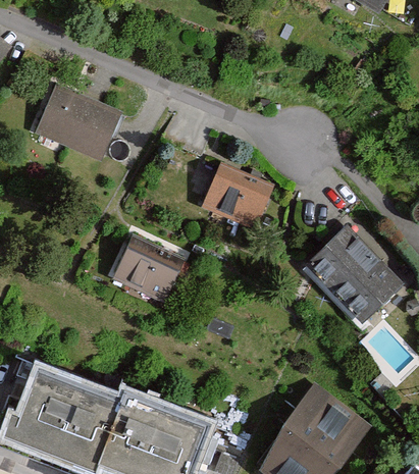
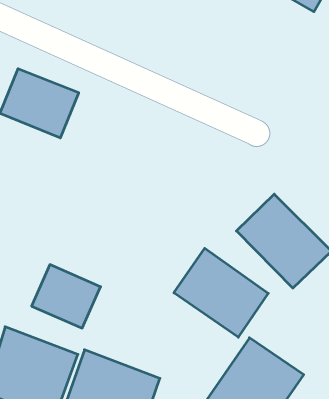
building: [197,160,274,230] -> none
building: [109,234,186,305] -> [32,265,101,328]
building: none -> [174,248,268,337]

